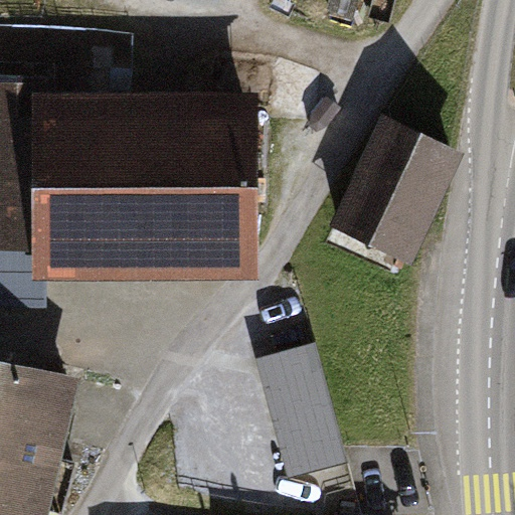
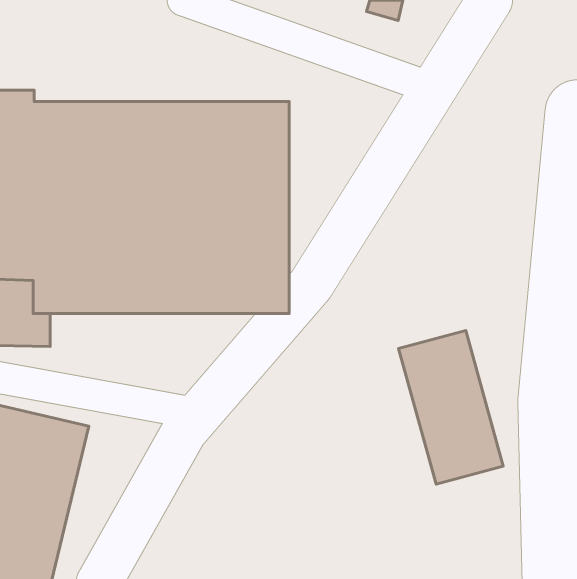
building: [328,115,464,267] -> none
building: [252,345,345,481] -> [399,330,503,484]

